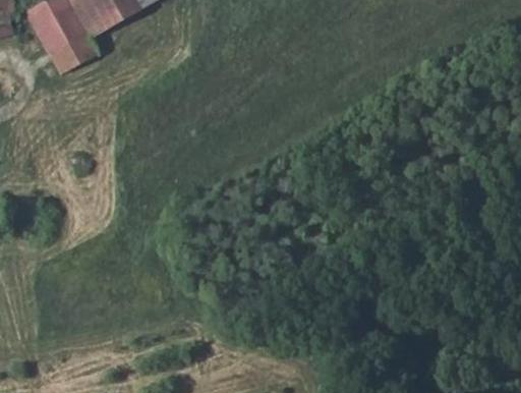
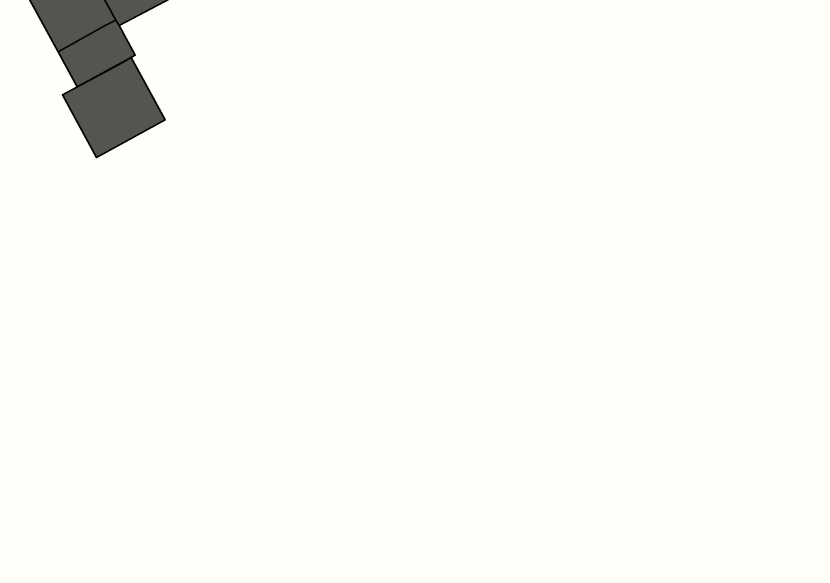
building: none -> [62,57,165,157]

